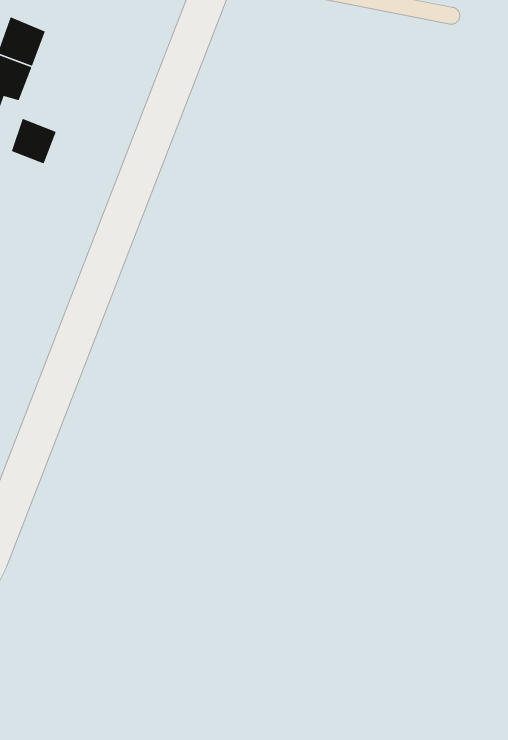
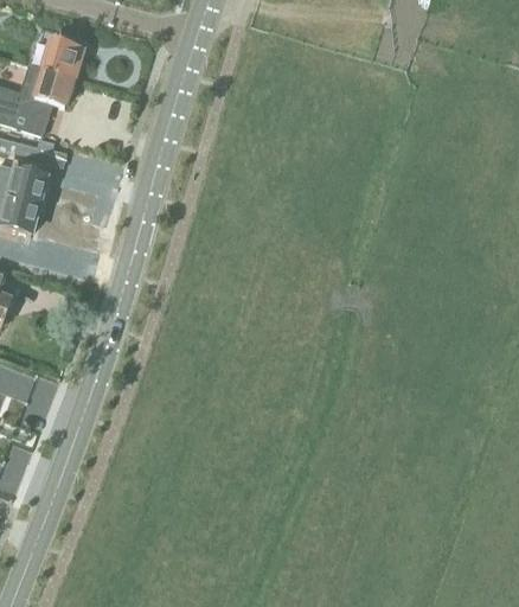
building: [11,118,57,164] -> none

